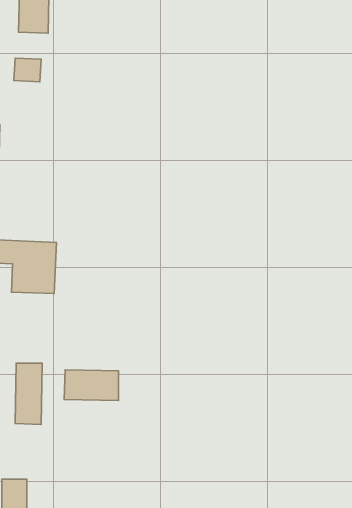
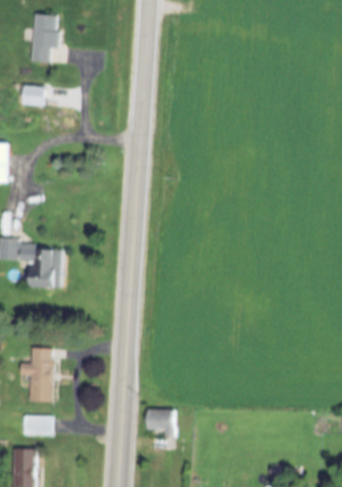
building: [64,370,118,401] -> none
building: none -> [141,410,172,430]
building: none -> [24,415,54,435]

